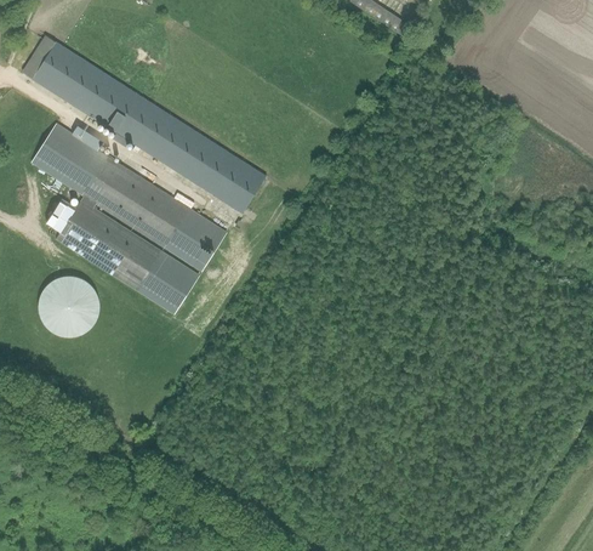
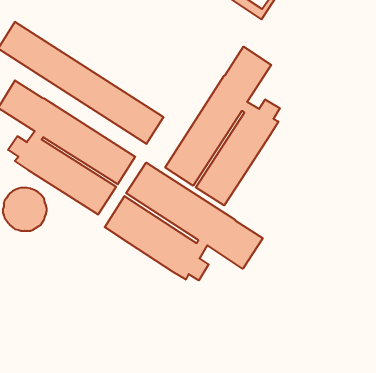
building: none -> [165,47,280,205]
building: none -> [105,163,263,280]

